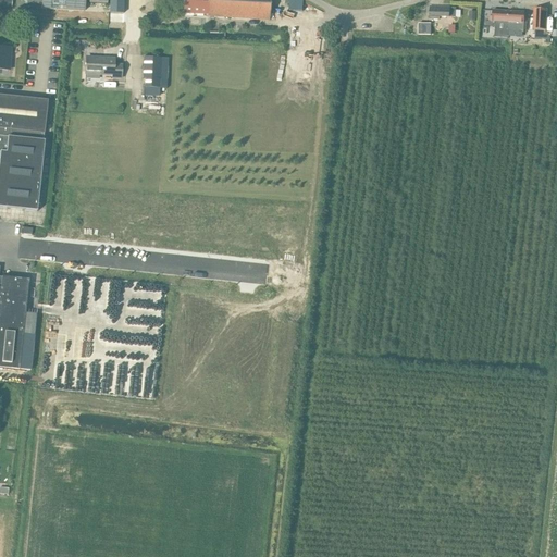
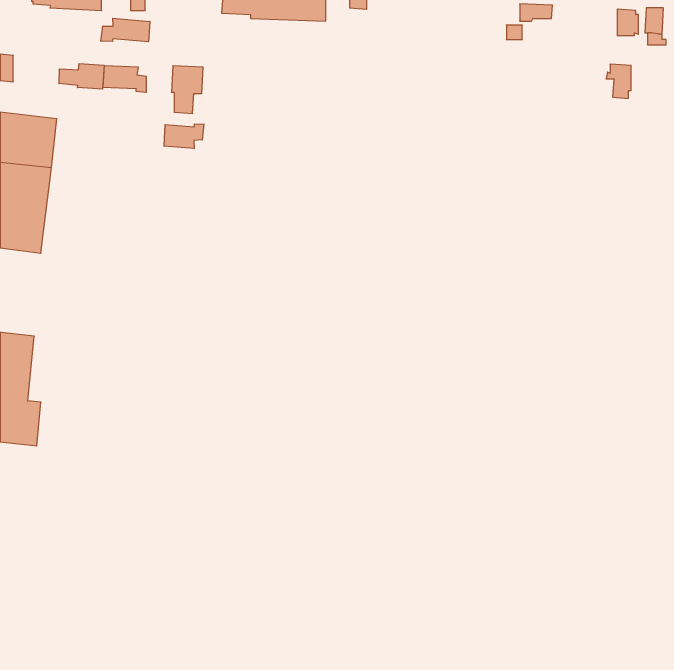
building: [488,7,509,35] -> [606,64,631,98]
building: none -> [101,18,150,42]
building: none -> [59,64,104,89]
building: none -> [164,124,204,149]

